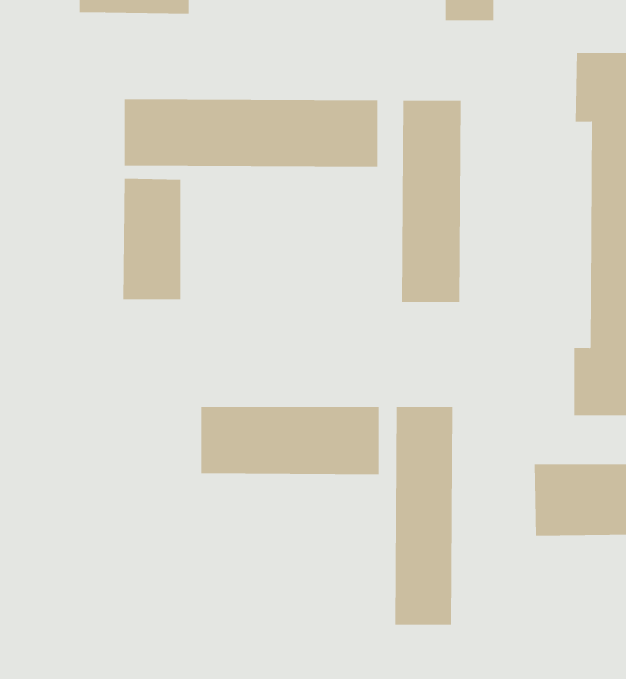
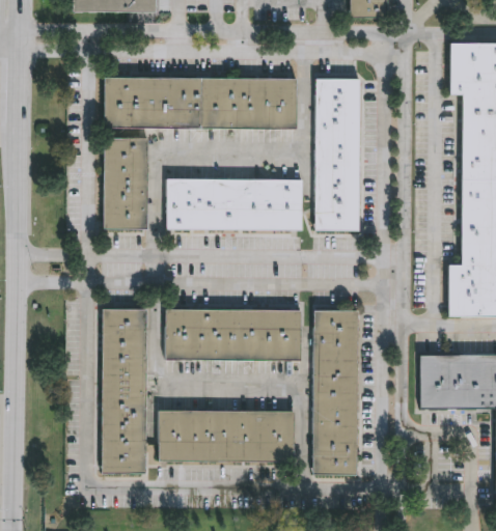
building: none -> [169,178,305,230]
building: none -> [101,309,145,474]
building: none -> [157,412,294,464]

